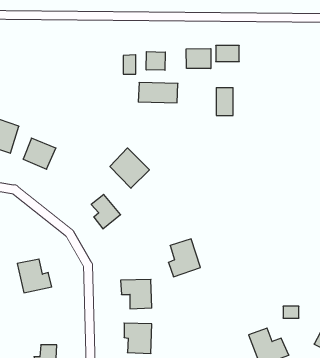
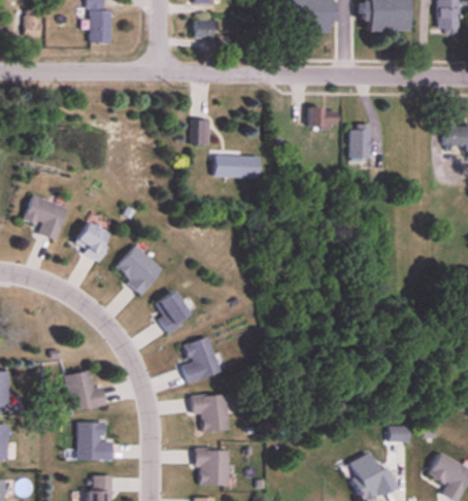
building: [186,49,211,69] -> none
building: [146,52,165,70] -> none
building: [216,88,233,115] -> [349,125,370,159]
building: [110,148,149,188] -> [114,244,163,294]
building: [168,239,200,277] -> [181,337,221,383]
building: none -> [77,422,110,460]

